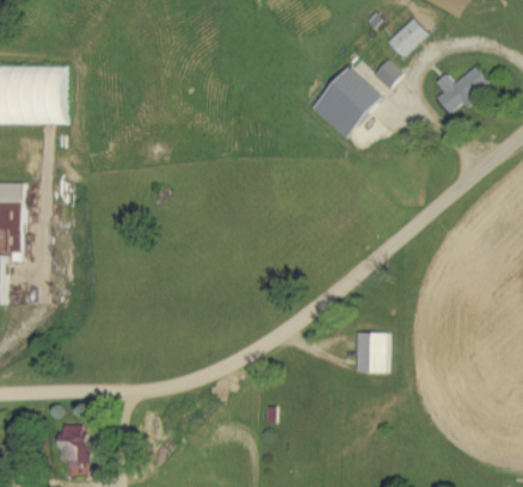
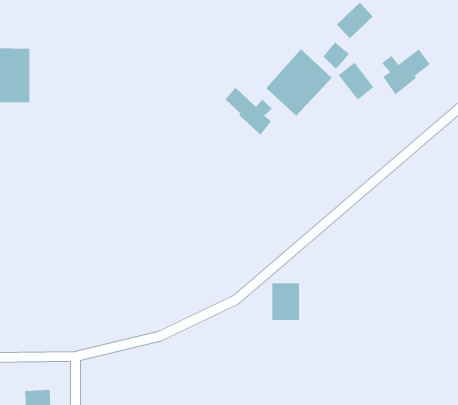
building: none -> [338,62,374,101]
building: none -> [225,87,273,136]
building: [357,332,387,371] -> [272,283,300,320]

